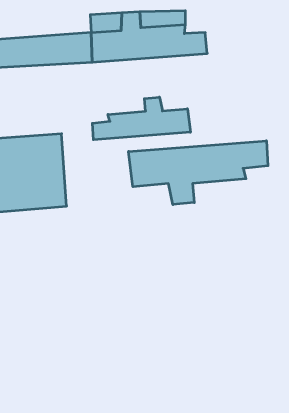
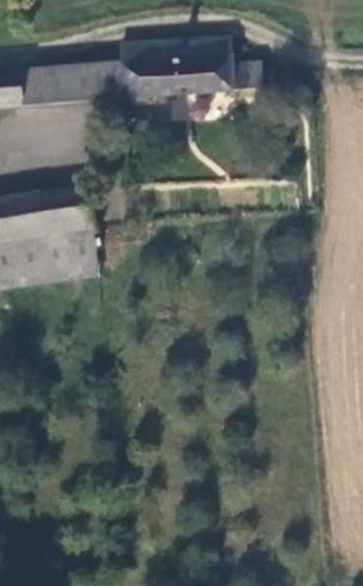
building: [92,97,190,140] -> none
building: [129,141,268,205] -> none

